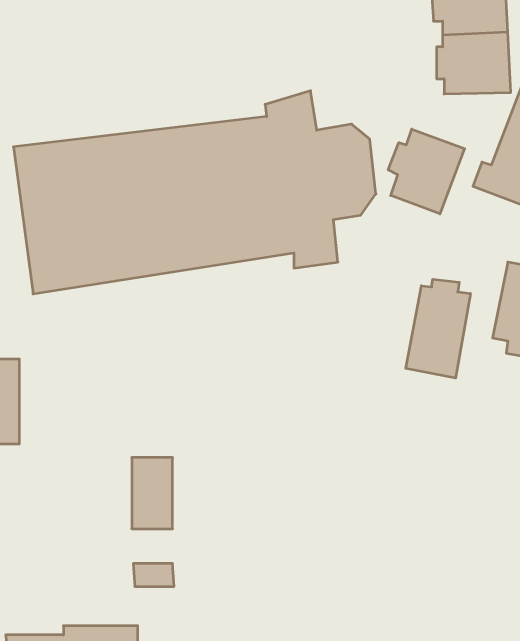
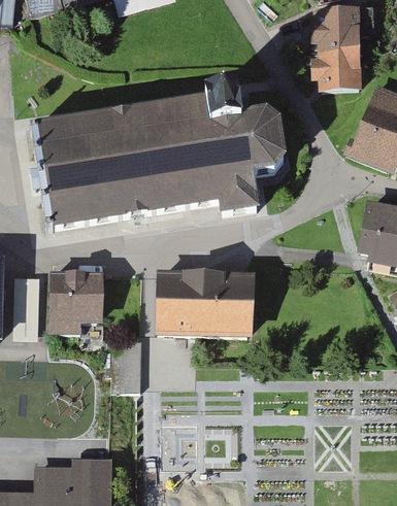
building: [388,129,465,214] -> none
building: [406,279,470,378] -> none
building: none -> [46,269,101,334]
building: none -> [157,271,256,332]

